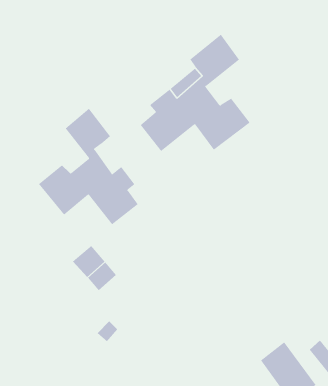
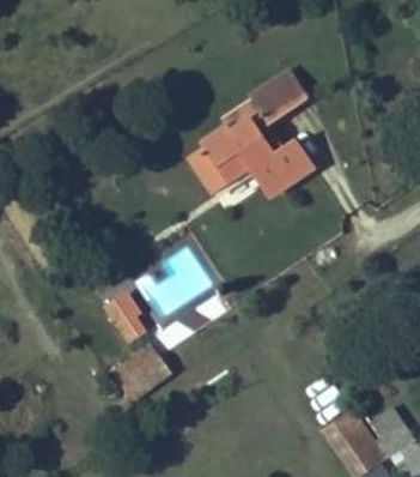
building: [38,108,139,225] -> none

